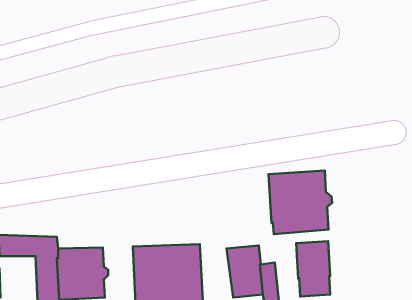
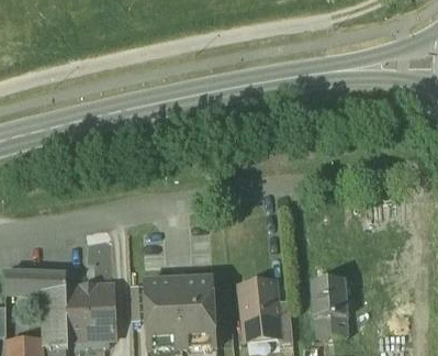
building: [269,171,332,234] -> none

